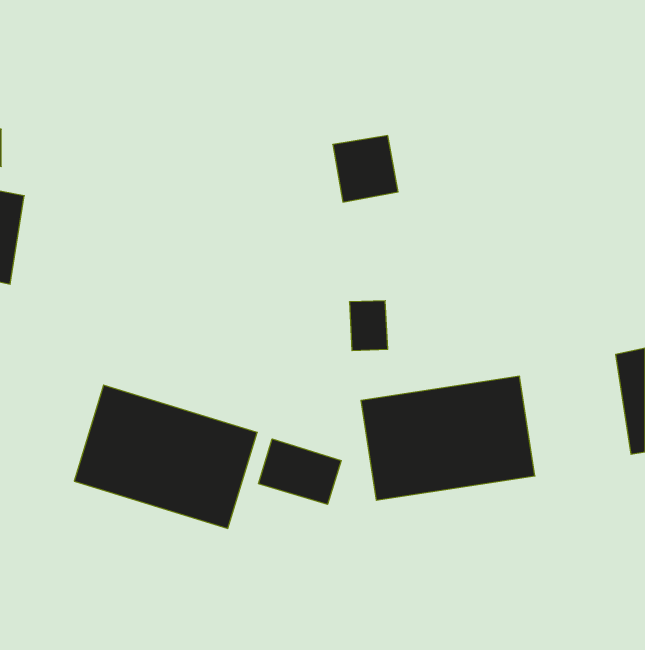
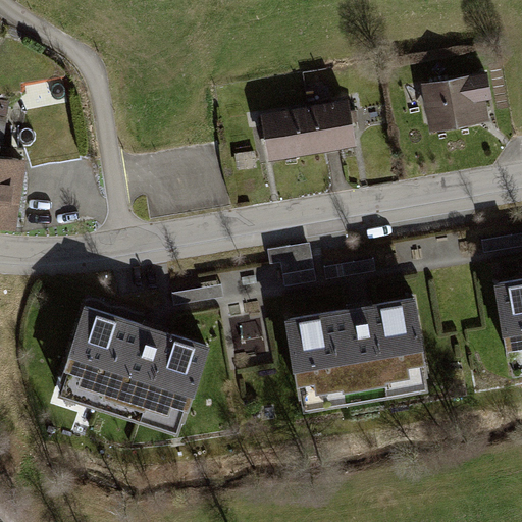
building: none -> [424,73,490,132]
building: none -> [309,100,360,153]
building: [258,439,341,504] -> none

